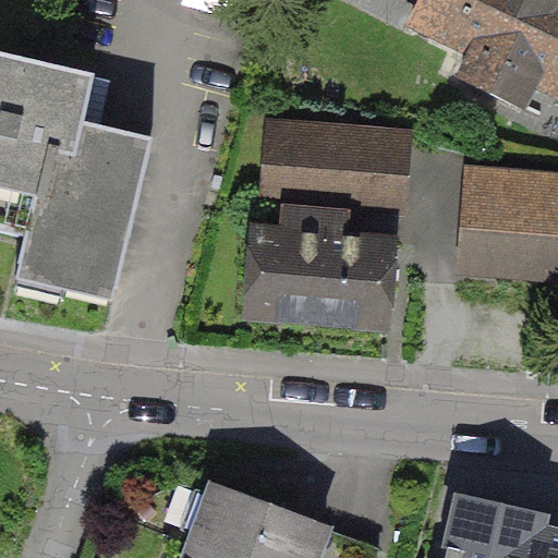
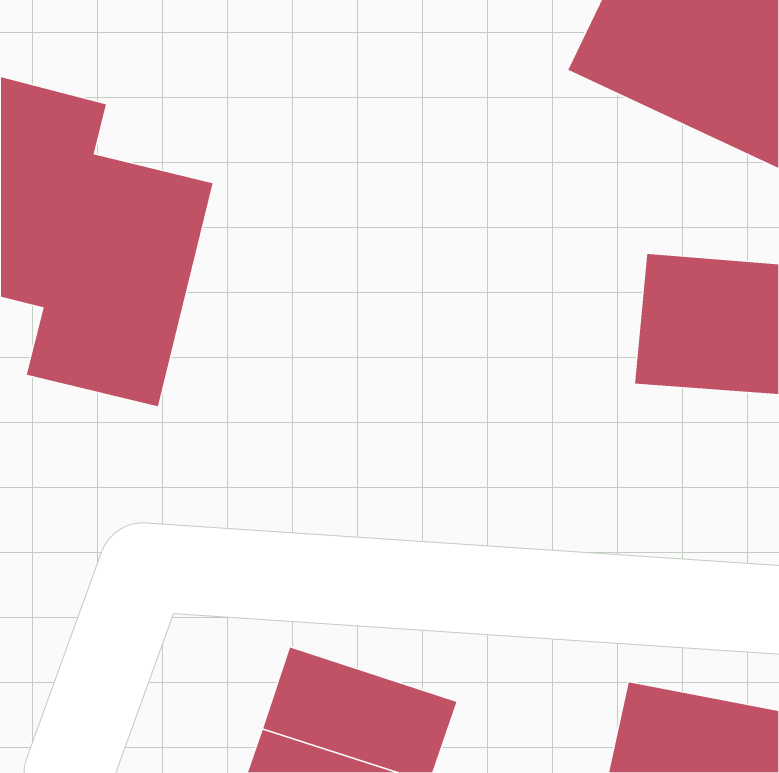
building: [257,124,412,220] -> none
building: [240,226,397,353] -> none

